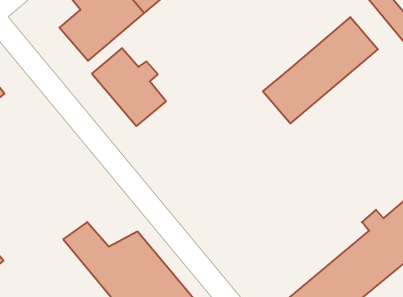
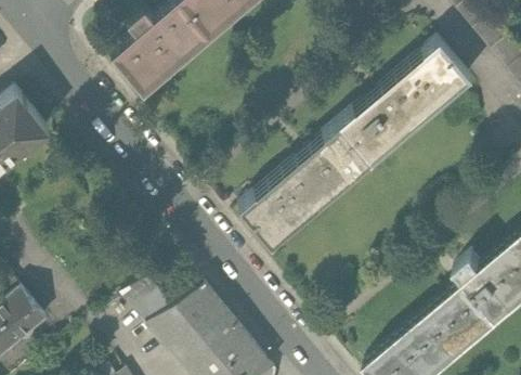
building: [92,48,166,126] -> none
building: none -> [244,125,375,246]

